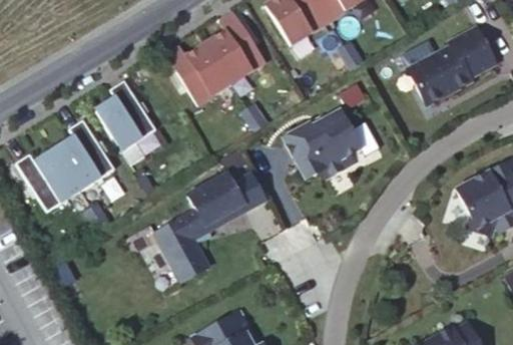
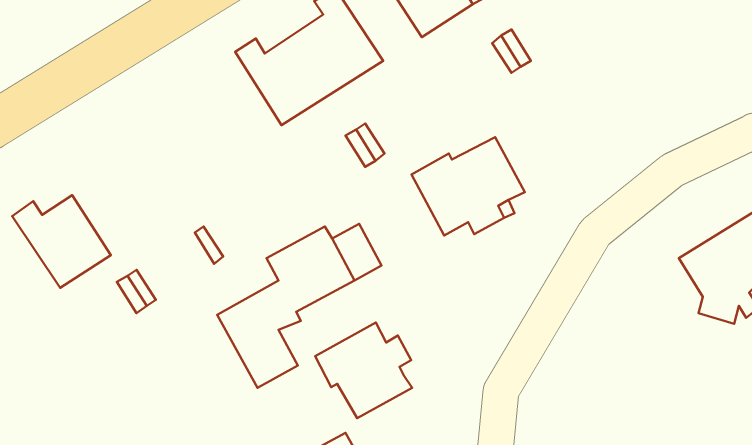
building: [407,28,495,99] -> none
building: [96,81,157,152] -> none
building: [56,120,116,192] -> none
building: none -> [315,323,412,418]

